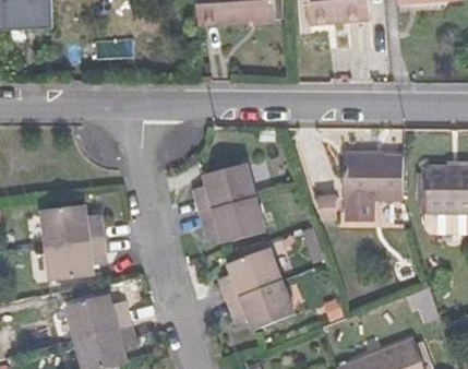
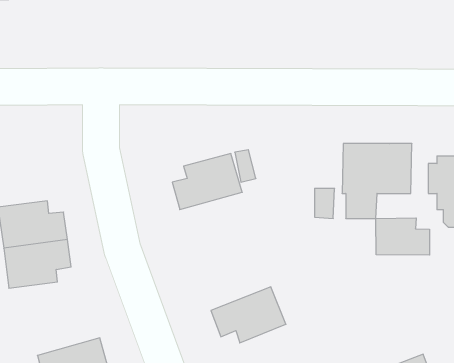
building: [201,198,265,243] -> none
building: none -> [376,218,429,255]
building: [219,248,280,301] -> none
building: [67,295,131,341] -> none

